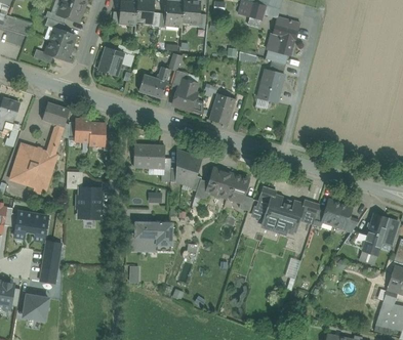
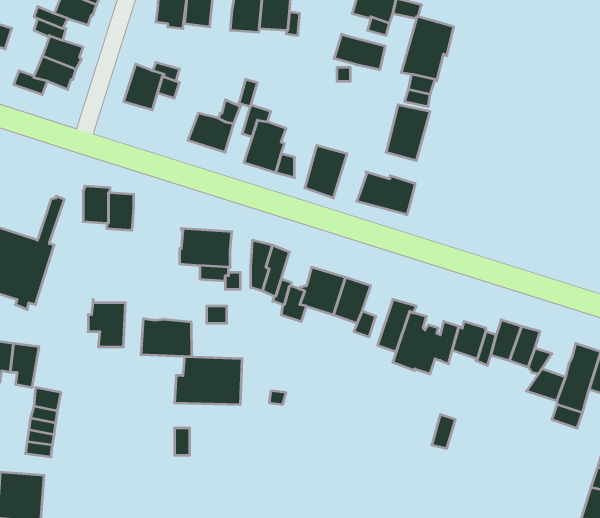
building: none -> [334,34,385,70]
building: [42,102,70,127] -> none
building: none -> [357,172,415,215]
building: none -> [141,319,192,357]

